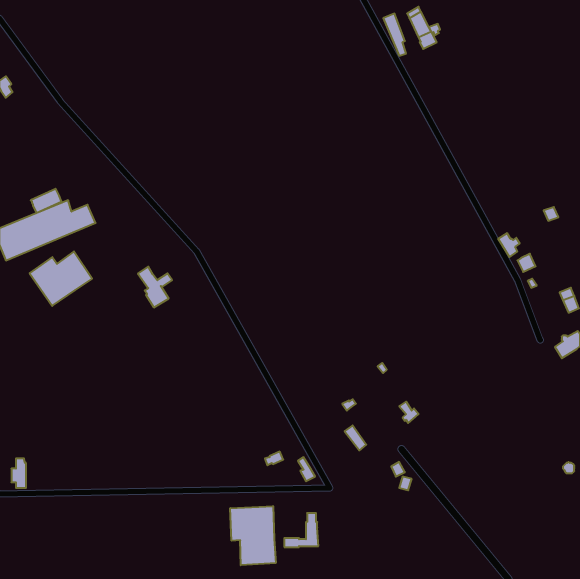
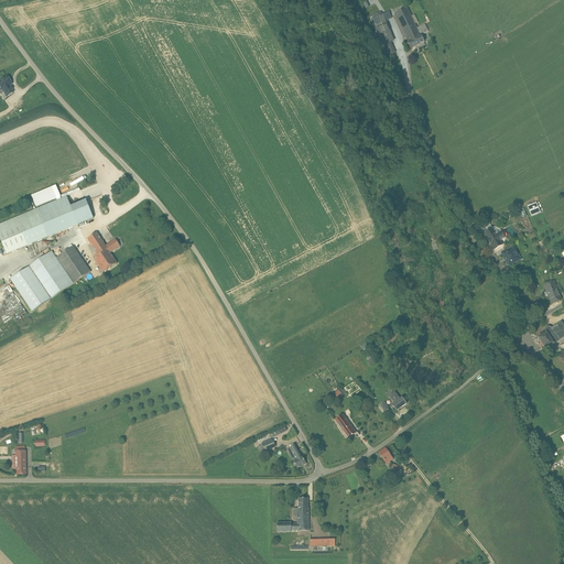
building: [138,267,172,307] -> [86,230,119,270]
building: none -> [9,264,48,308]
building: [230,506,276,565] -> none

